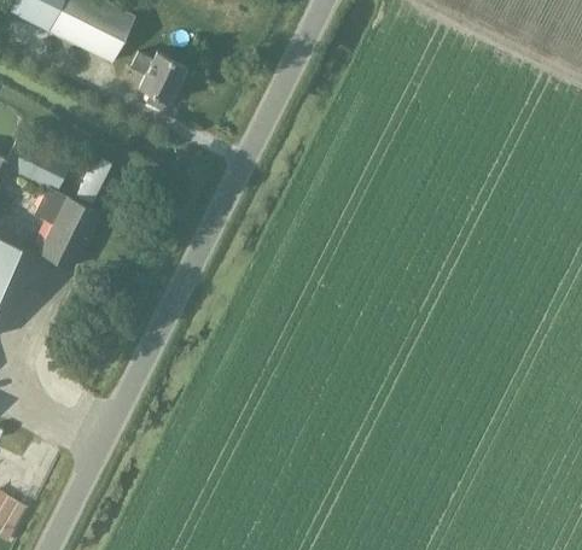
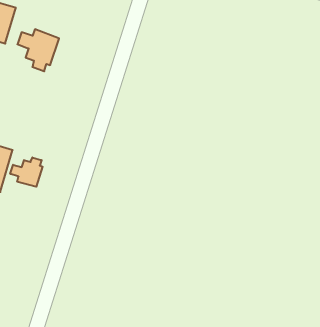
building: none -> [10,157,43,187]

